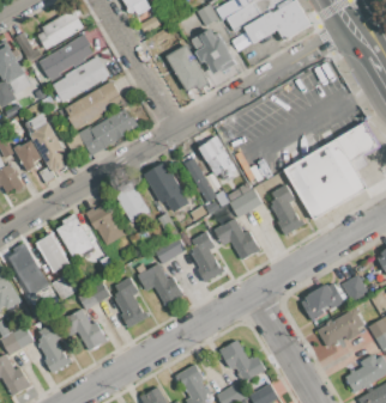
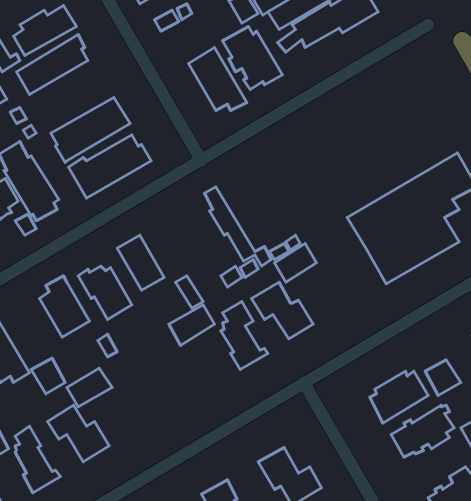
building: [53,56,109,103] -> none
building: [199,136,235,179] -> none
building: [144,161,188,212] -> none
building: [271,184,304,236] -> none
building: [36,233,70,273] -> none
building: [138,263,183,305] -> none
building: [114,277,149,328] -> none

